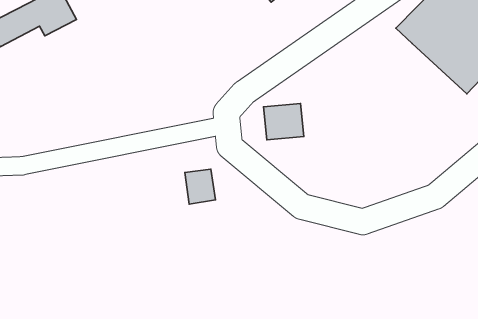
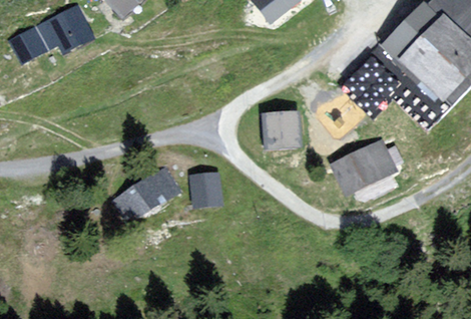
building: none -> [335,142,394,193]
building: none -> [119,173,176,219]

